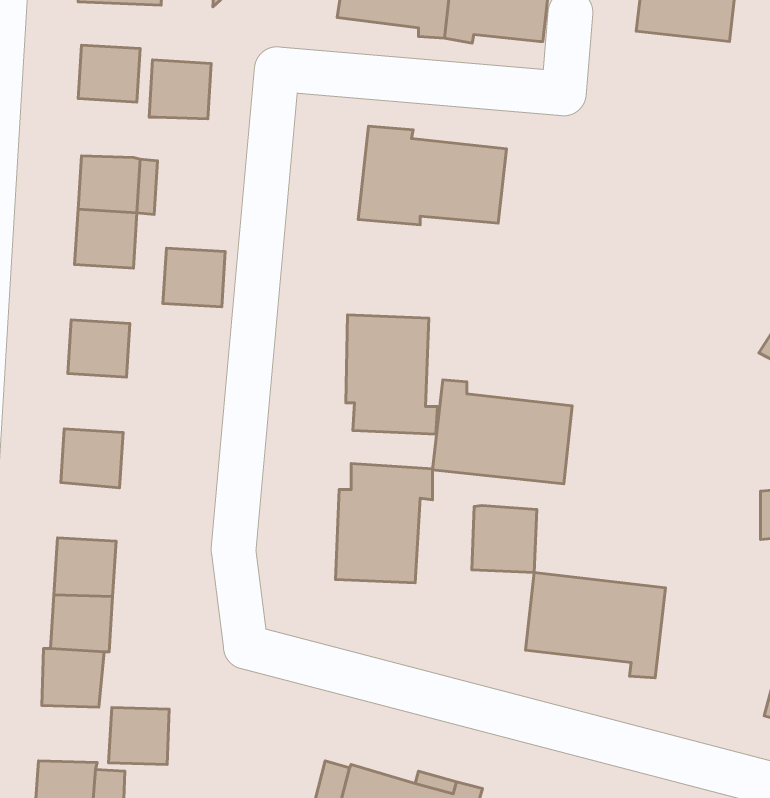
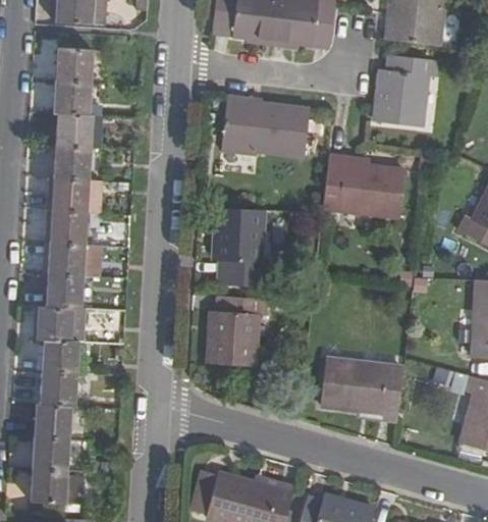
building: none -> [374,54,436,127]
building: [149,60,211,119] -> [54,80,91,114]
building: [163,248,225,307] -> [52,177,89,212]
building: none -> [48,242,85,276]
building: [432,380,572,484] -> [323,155,405,216]
building: none -> [37,306,86,341]
building: [472,505,537,572] -> none
building: [109,707,169,765] -> [33,437,68,471]

